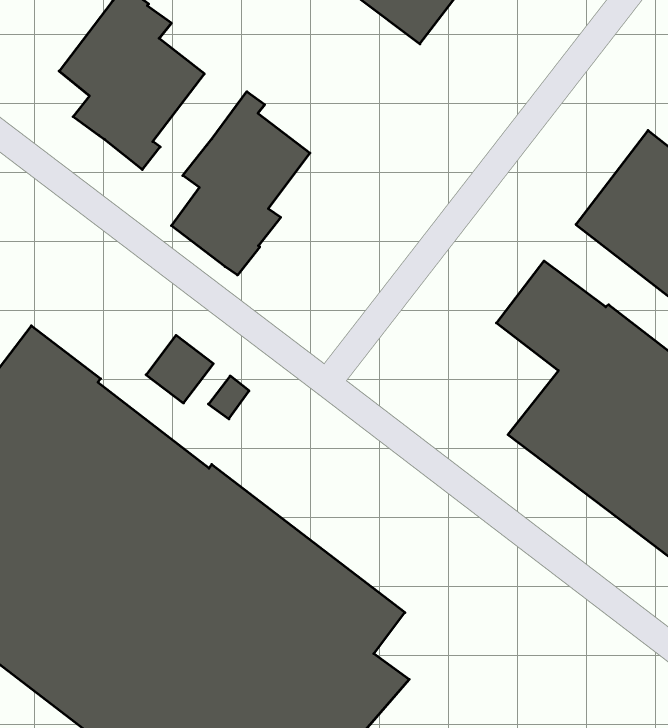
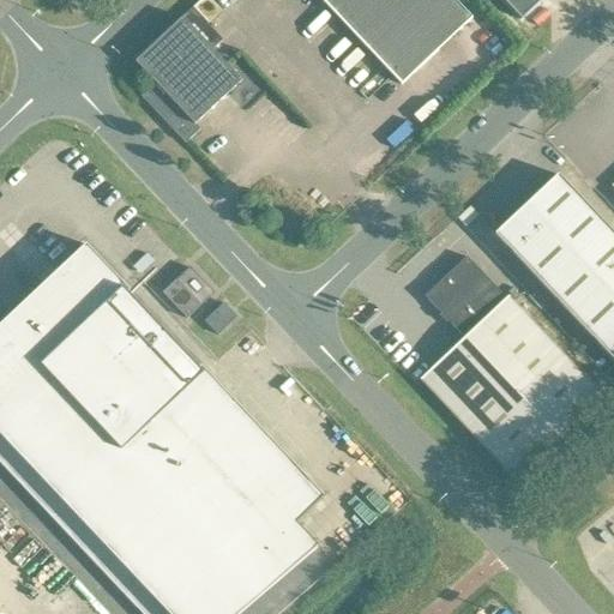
building: [171,92,310,275] -> none

